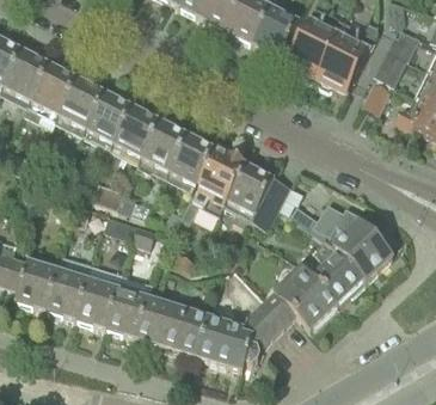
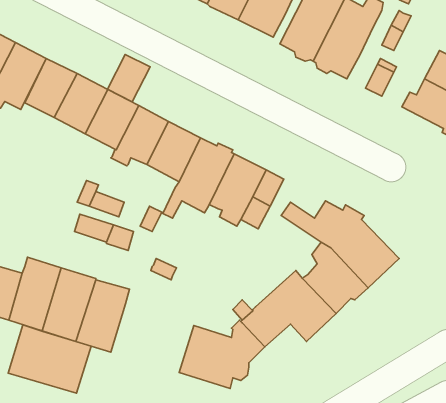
building: none -> [107,54,150,102]
building: [136,296,210,357] -> [8,325,91,393]

